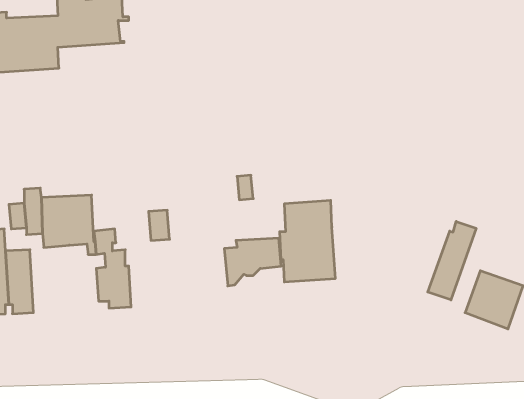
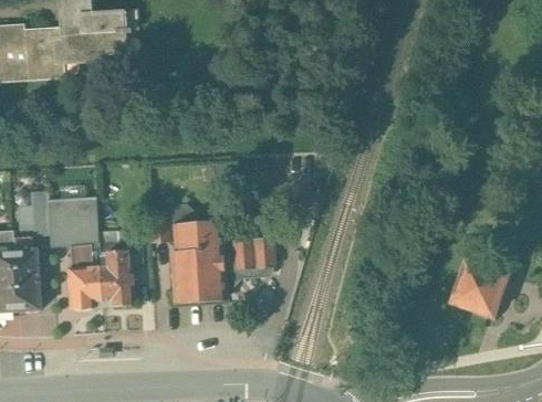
building: [280,200,335,282] -> [171,223,225,300]
building: [428,221,476,300] -> none
building: none -> [69,244,102,307]

